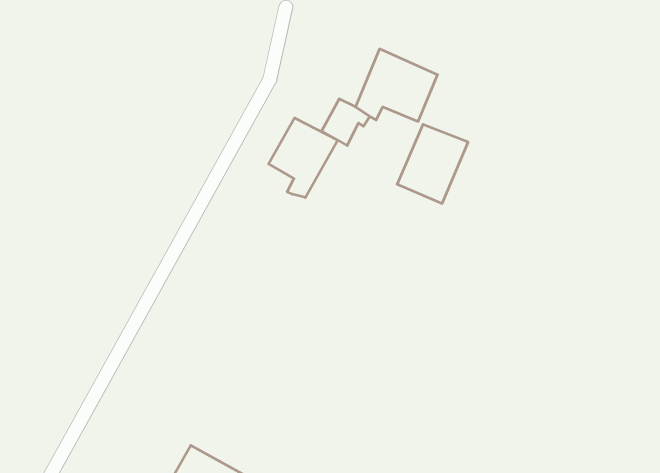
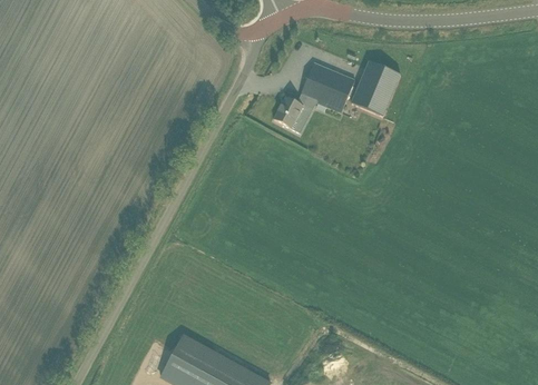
building: [269,118,338,198] -> none
building: [397,124,468,203] -> [350,60,399,115]

